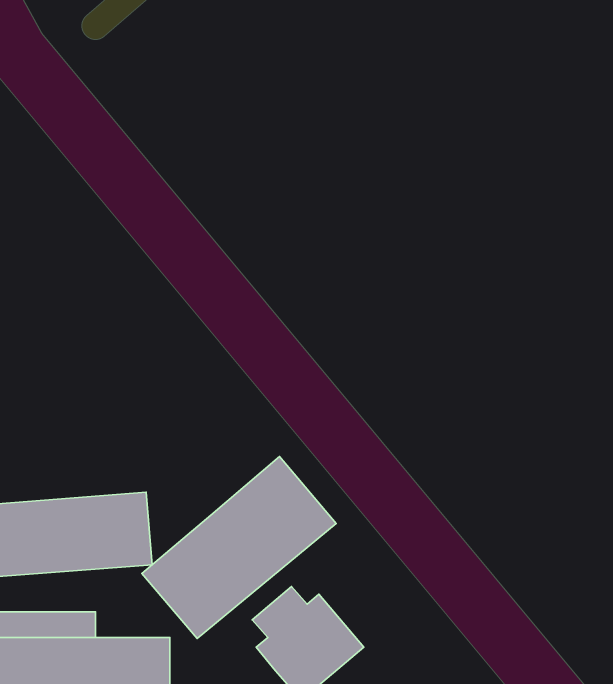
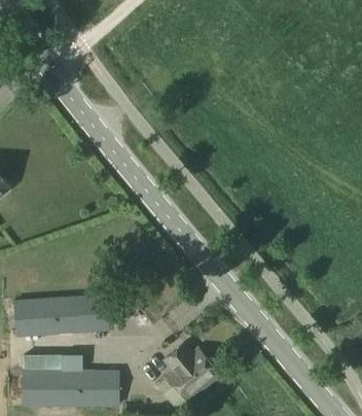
building: [142,457,336,639] -> none

